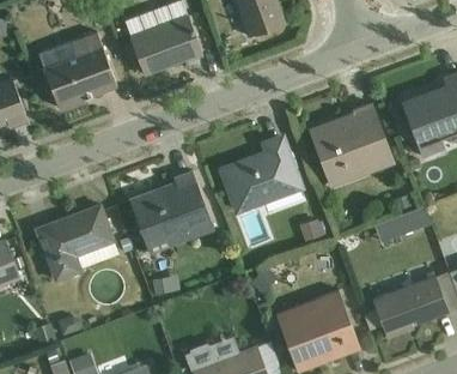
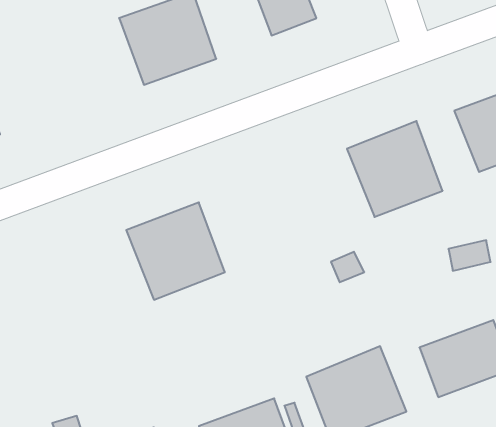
building: [38,34,114,110] -> none
building: [217,132,304,216] -> none
building: [32,204,115,282] -> none

